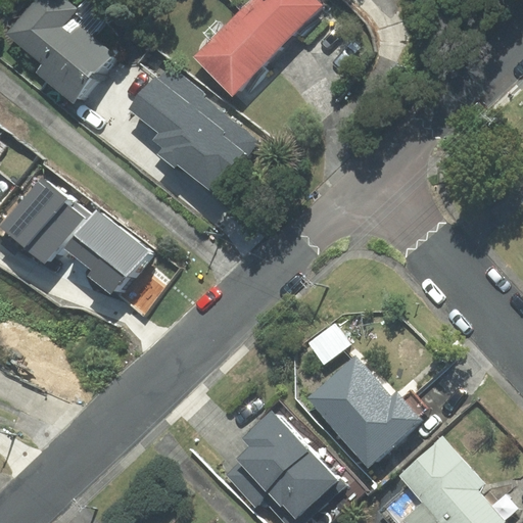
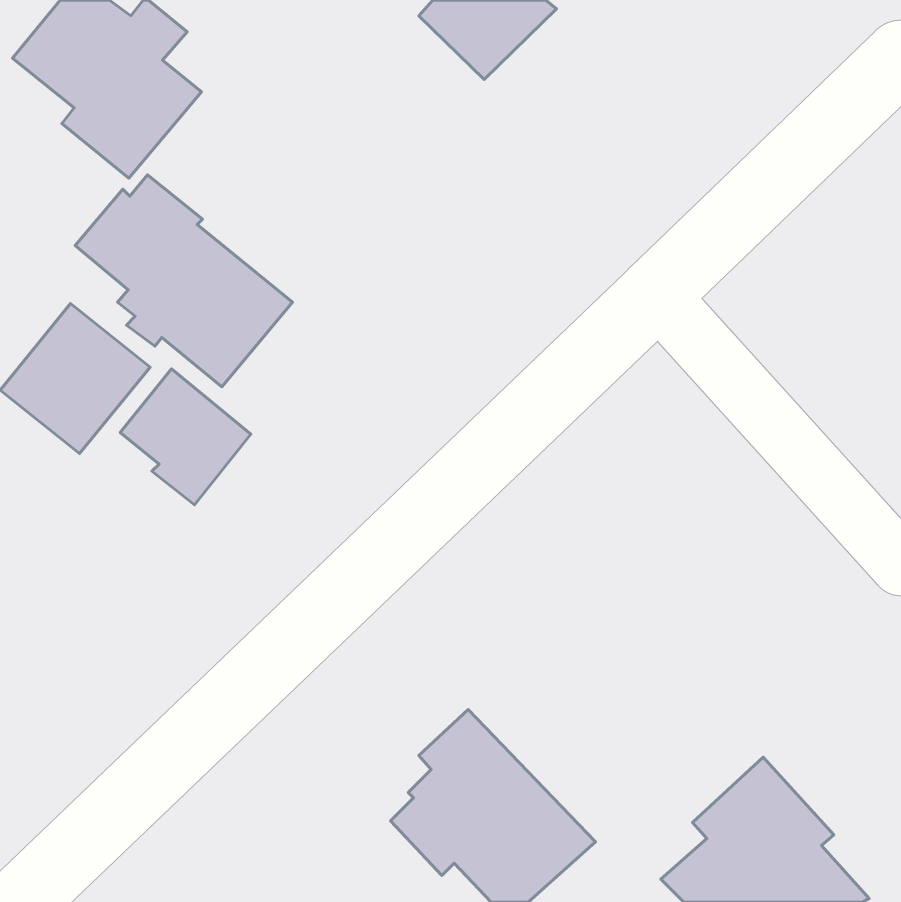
building: [195,9,280,94] -> none
building: [128,66,253,189] -> [75,175,293,387]
building: [306,355,421,467] -> none

